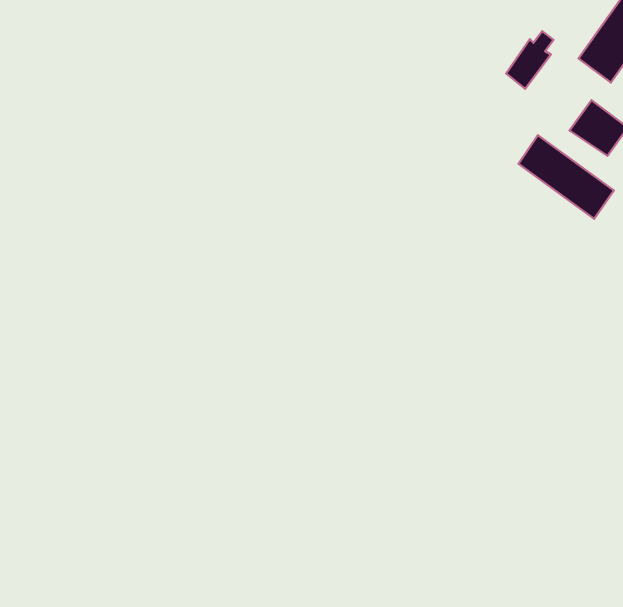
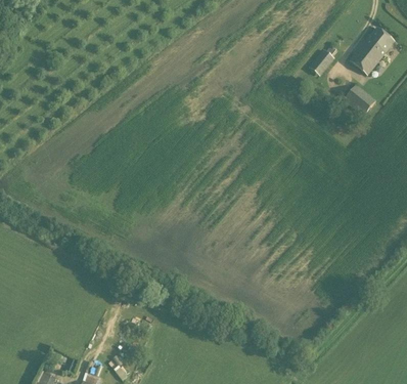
building: [519,135,614,219] -> none

